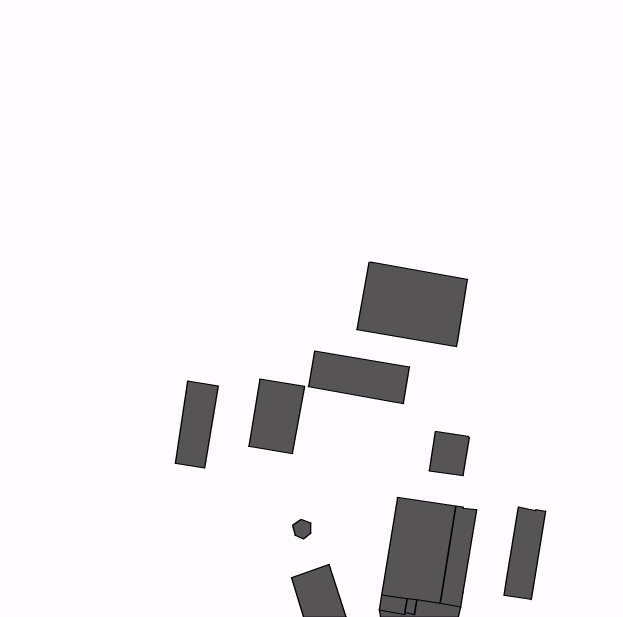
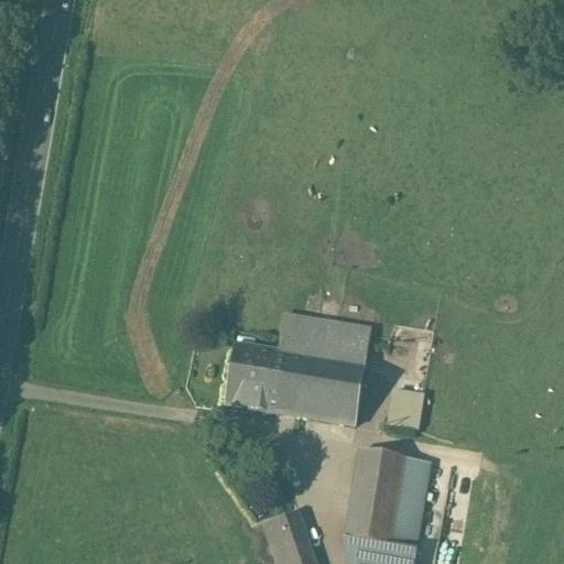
building: [357,263,468,347] -> [264,349,365,425]
building: [175,381,218,468] -> none
building: [504,507,545,600] -> none

